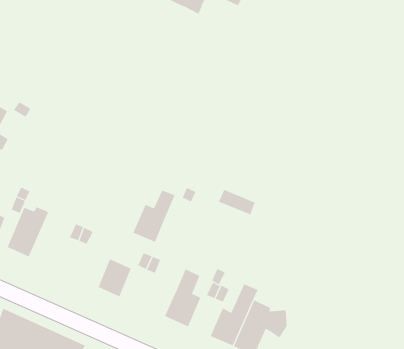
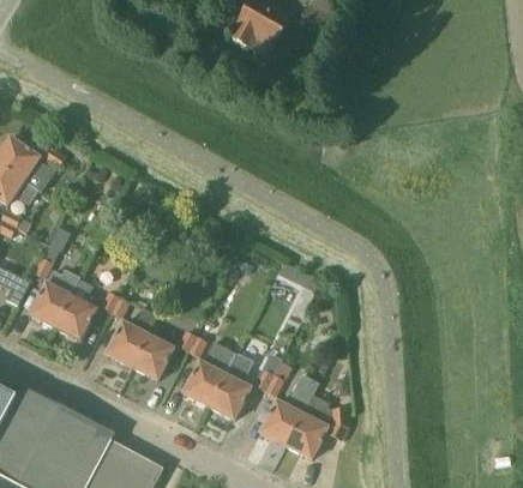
building: [132,190,175,243] -> [106,306,158,367]
building: none -> [54,278,96,341]
building: none -> [184,361,224,405]

